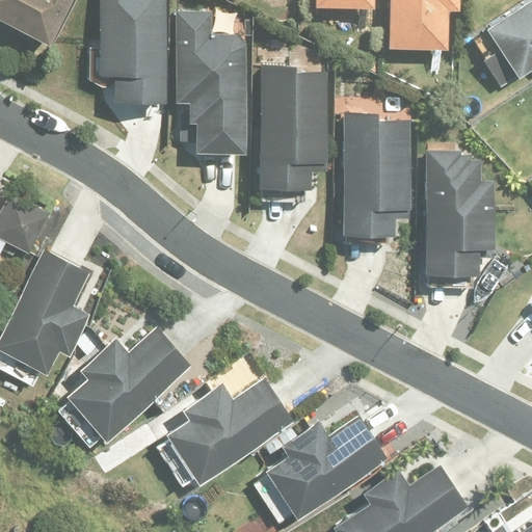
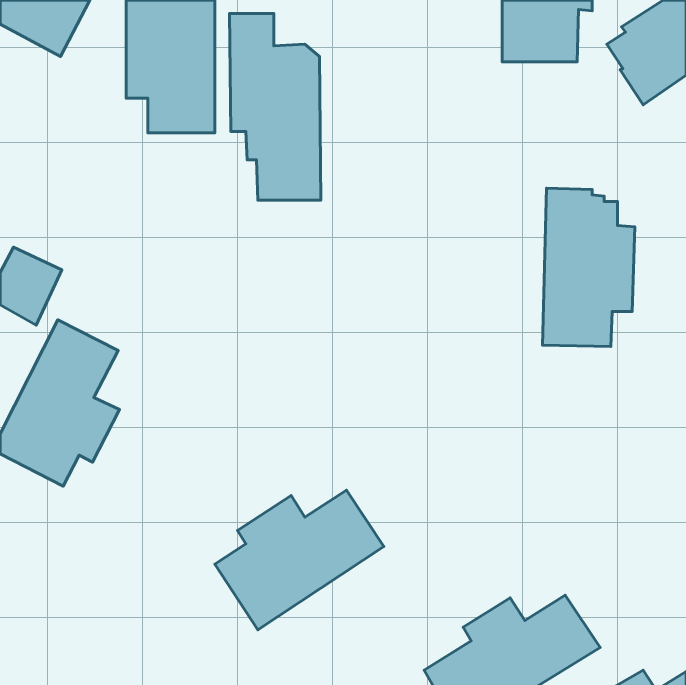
building: [257,68,324,190] -> none
building: [343,115,411,238] -> none
building: [68,327,190,443] -> none
building: [252,416,390,526] -> none

